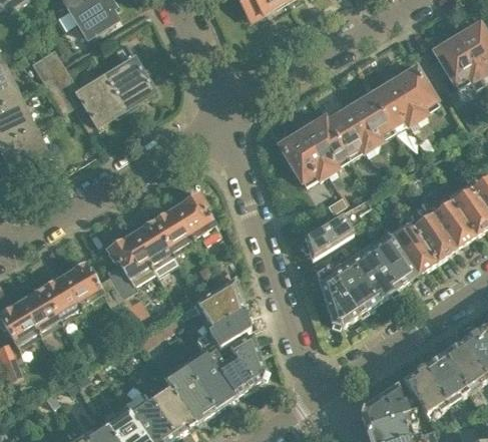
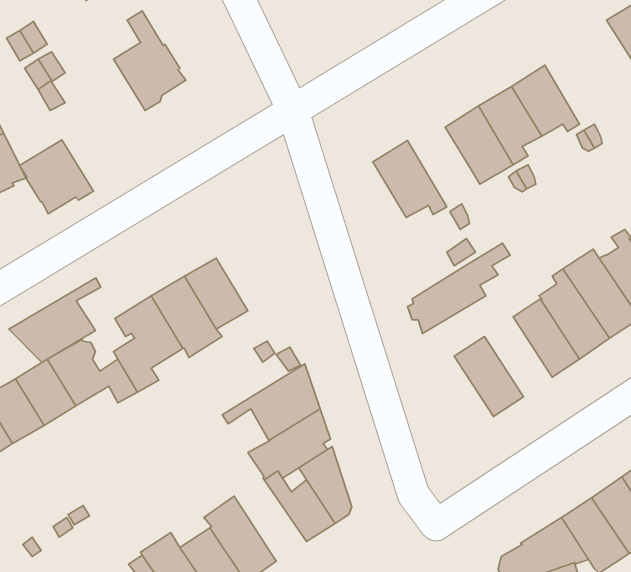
building: [392,66,435,119] -> none
building: [77,76,126,125] -> [20,140,94,214]
building: [301,117,346,174] -> none
building: [173,192,219,245] -> none
building: none -> [9,278,101,362]
building: [352,248,397,301] -> none
building: [313,258,358,326] -> none
building: [185,355,233,410] -> none

